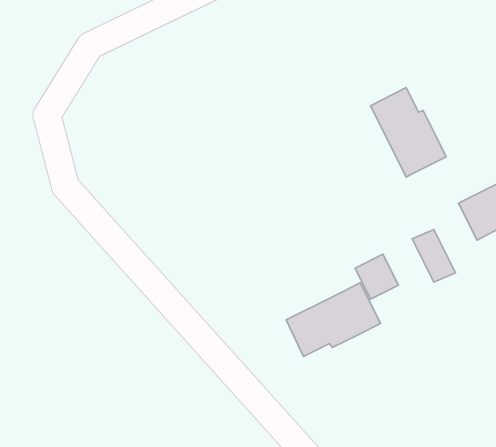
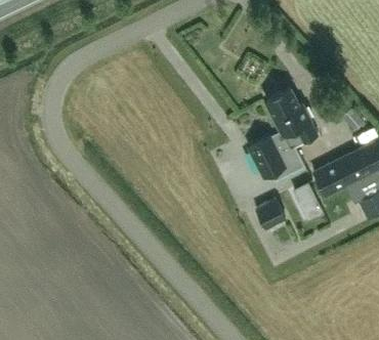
building: none -> [248,132,303,181]
building: [286,283,381,356] -> none

